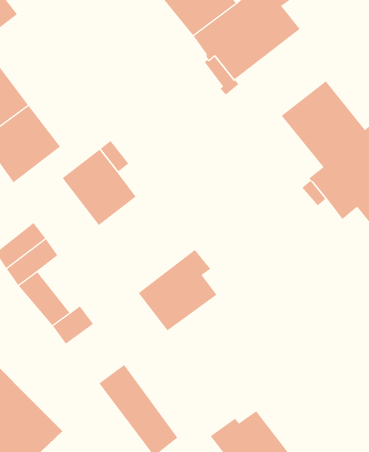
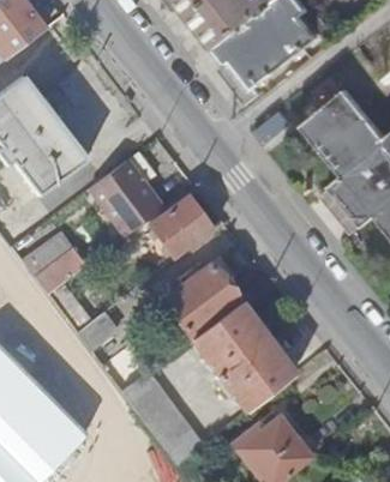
building: none -> [149,197,211,258]
building: none -> [190,302,292,411]

